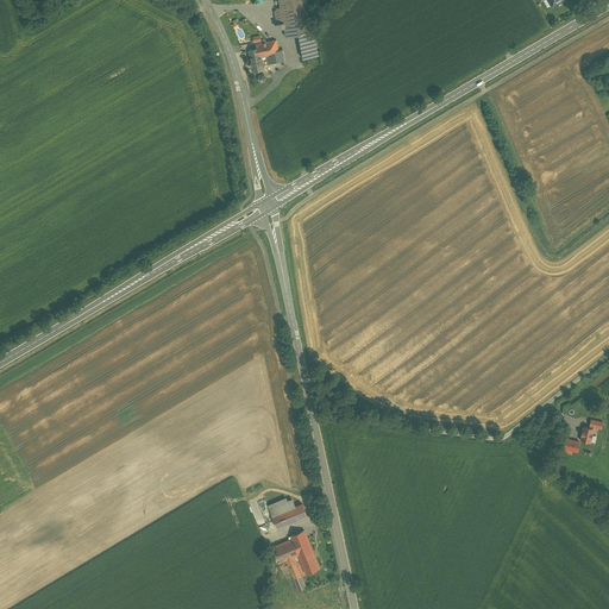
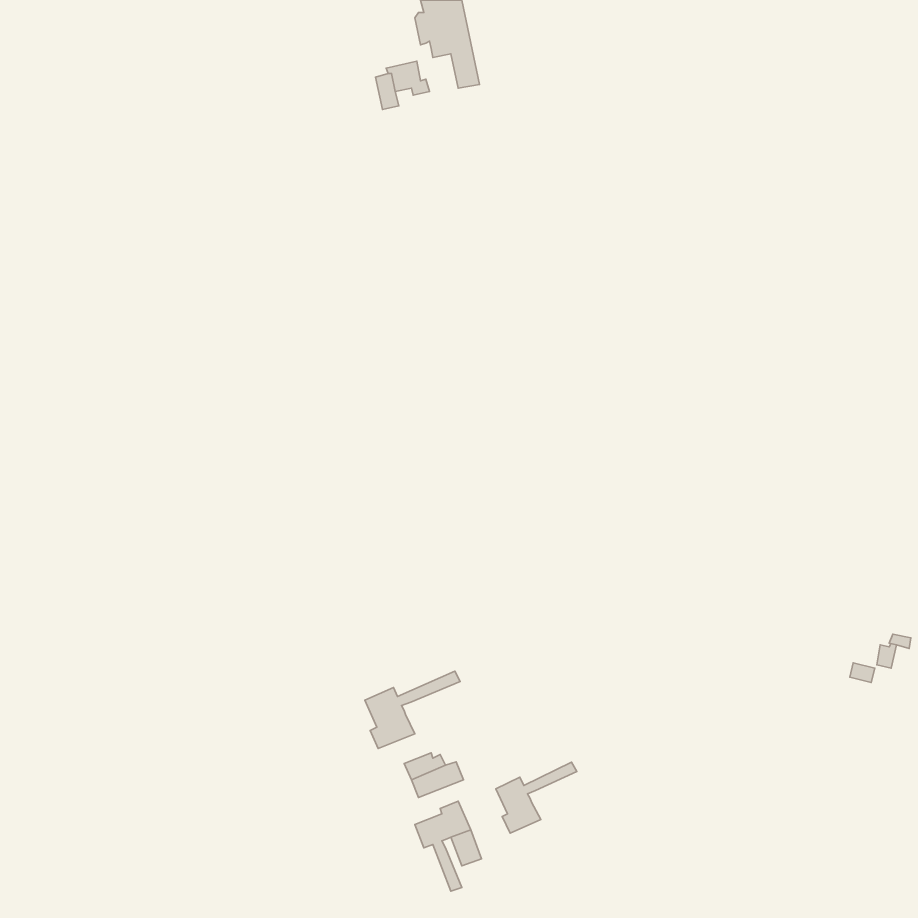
building: none -> [365,671,460,748]
building: none -> [496,762,577,833]

